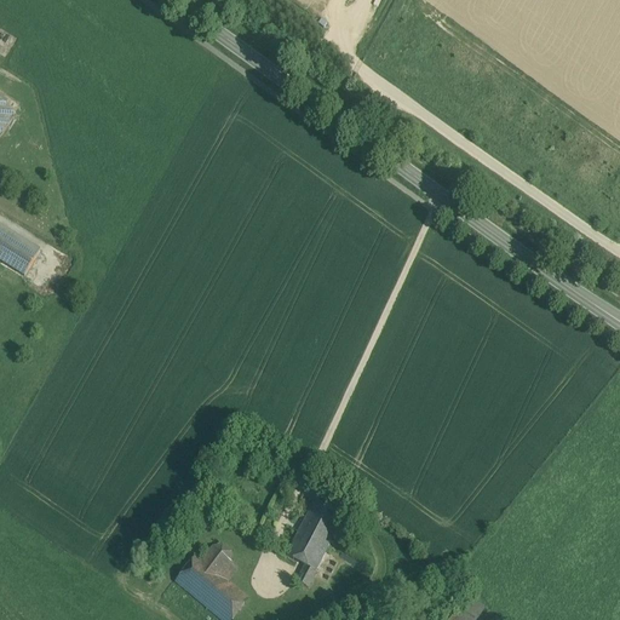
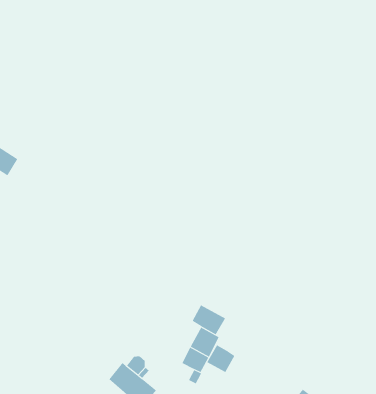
building: none -> [192,305,226,335]
building: none -> [206,345,235,373]

